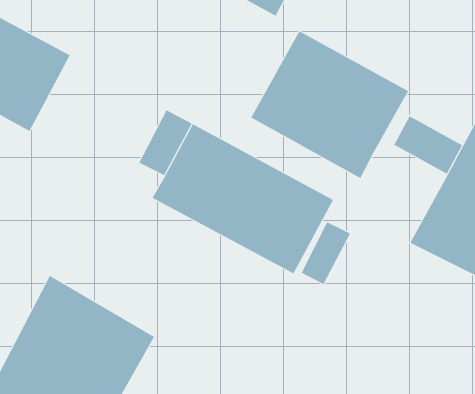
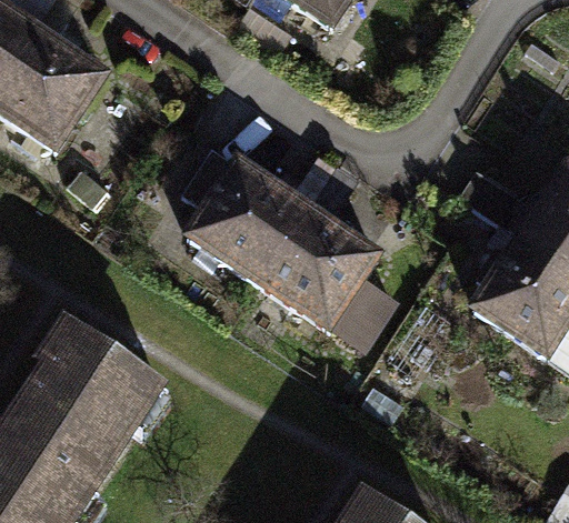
building: [251,31,409,179] -> none

